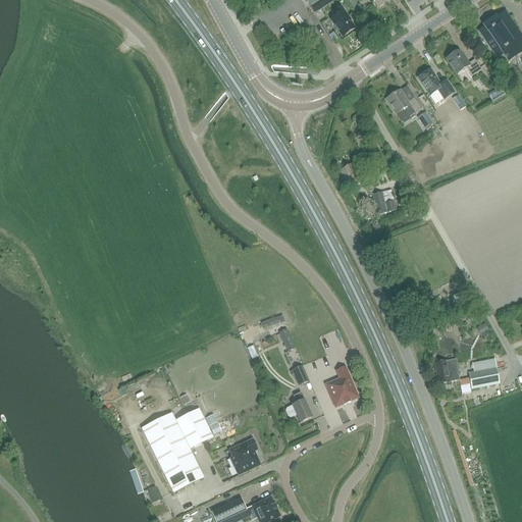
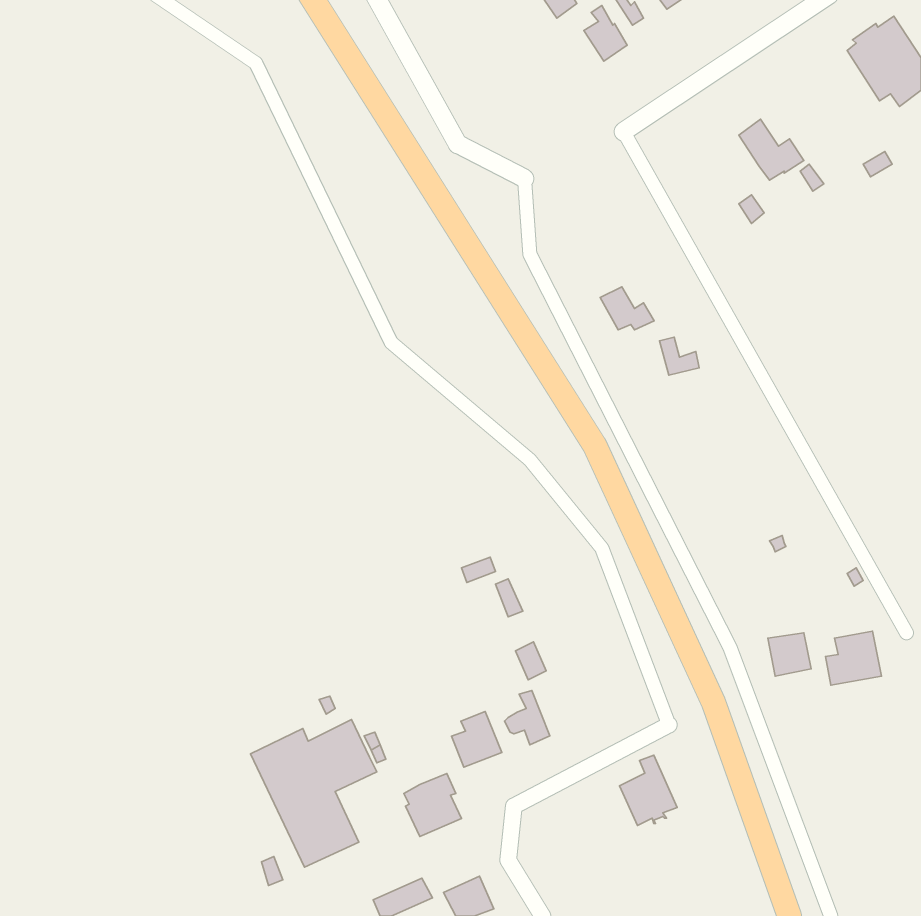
building: [447,50,481,74] -> none
building: [385,88,421,120] -> none
building: [325,366,358,406] -> [620,755,677,825]
building: none -> [452,712,502,767]

